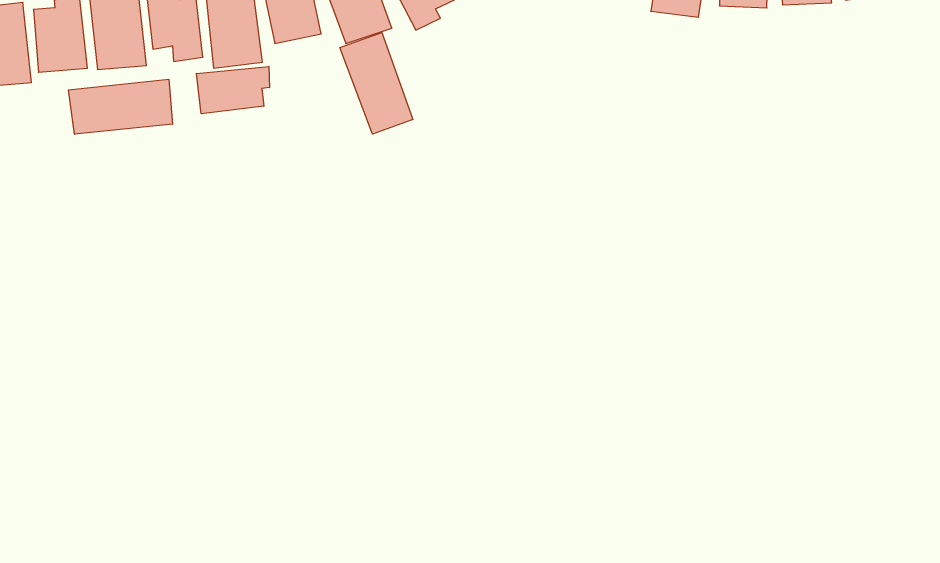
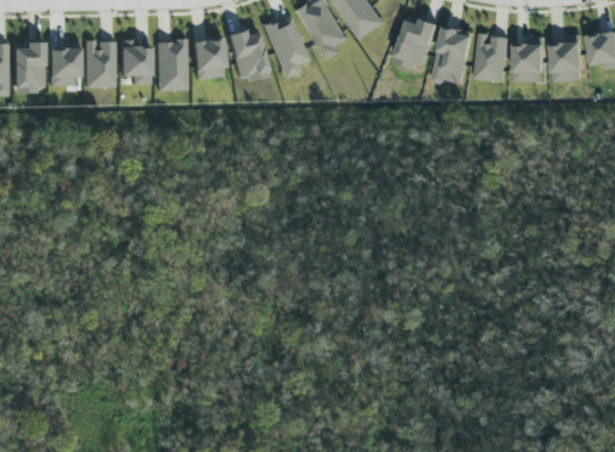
building: [340,32,413,134] -> none
building: [196,66,269,114] -> none
building: [68,79,173,134] -> none

